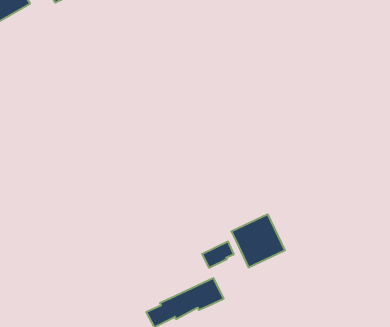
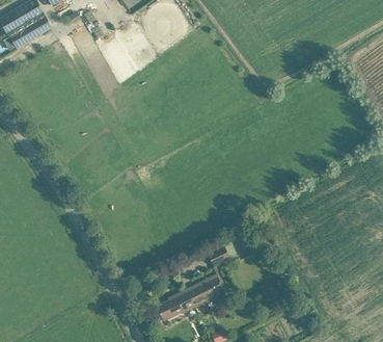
building: [231,214,285,268] -> none

